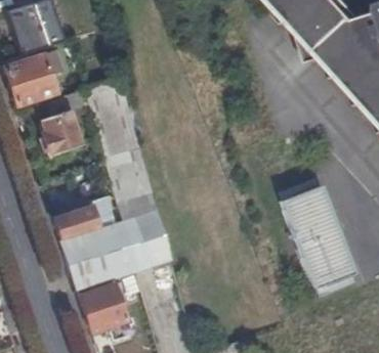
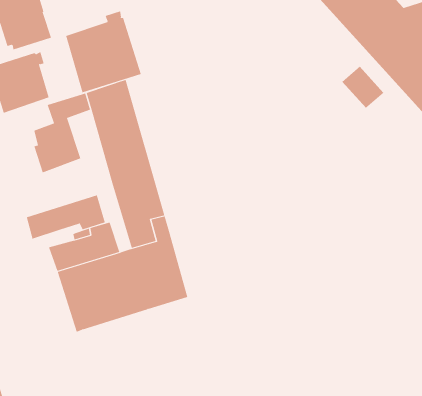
building: none -> [65,11,142,93]
building: none -> [26,195,105,240]
building: [283,184,355,297] -> none
building: [77,282,128,329] -> none

